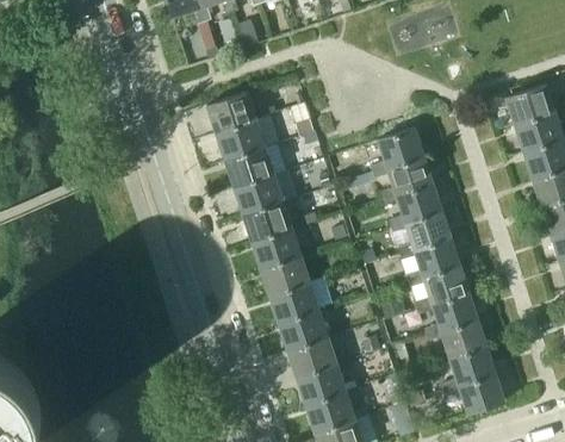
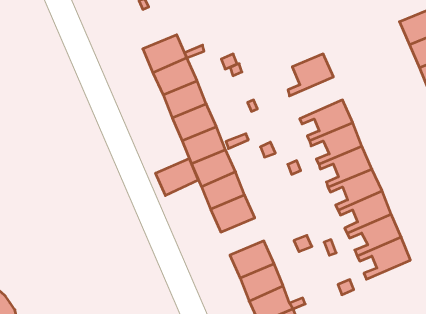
building: [371,155,431,200] -> none
building: none -> [156,158,198,196]
building: [279,310,328,350] -> none
building: [442,373,504,413] -> none

